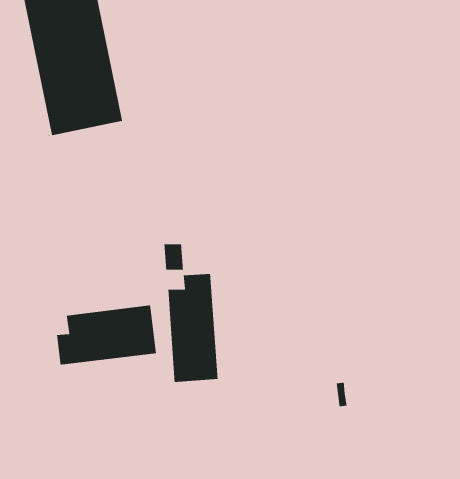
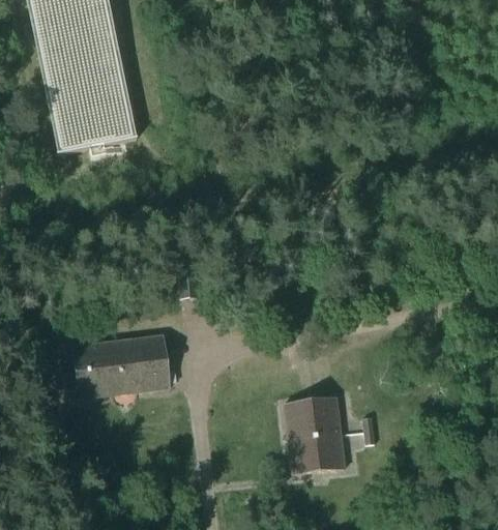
building: [167,273,219,383] -> none
building: none -> [286,394,347,472]

